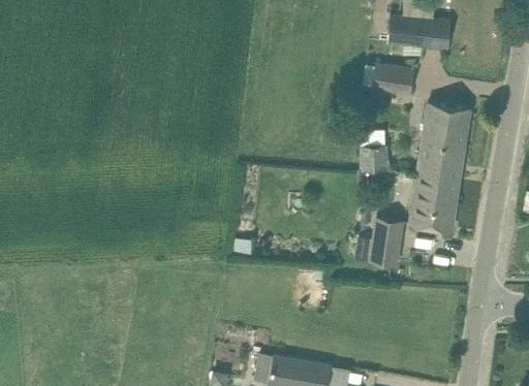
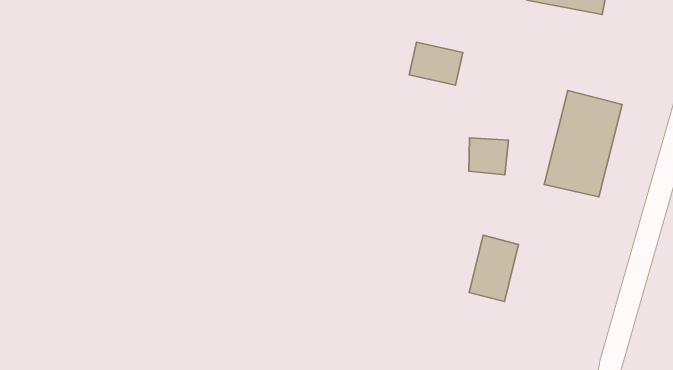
building: [375,65,413,94] -> [409,42,463,85]
building: [411,176,460,231] -> none

